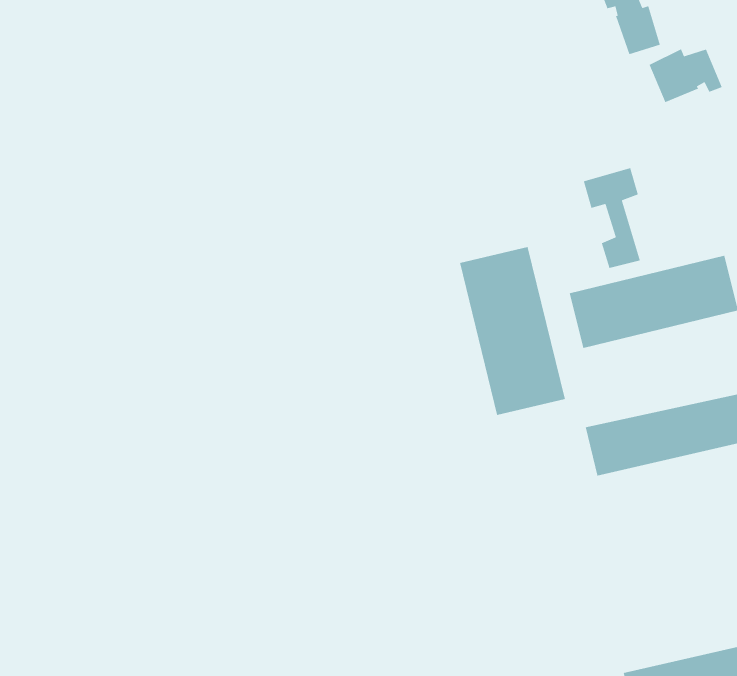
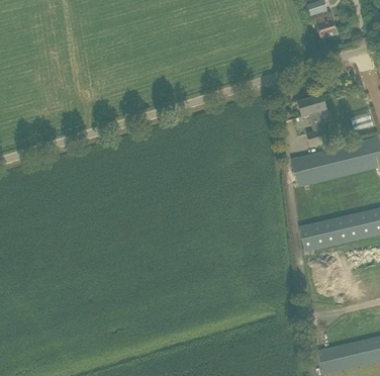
building: [649,48,723,103] -> none
building: [459,246,566,416] -> none

